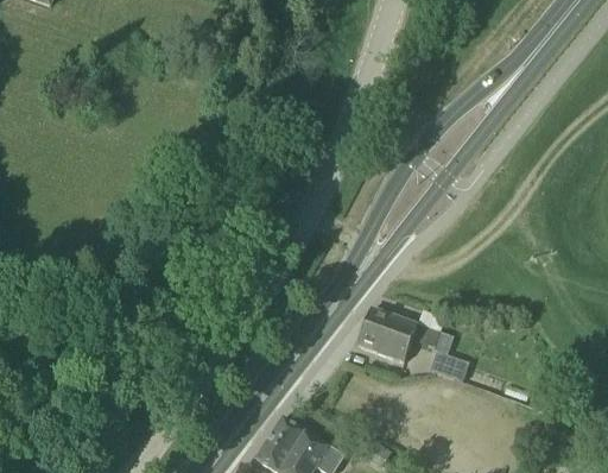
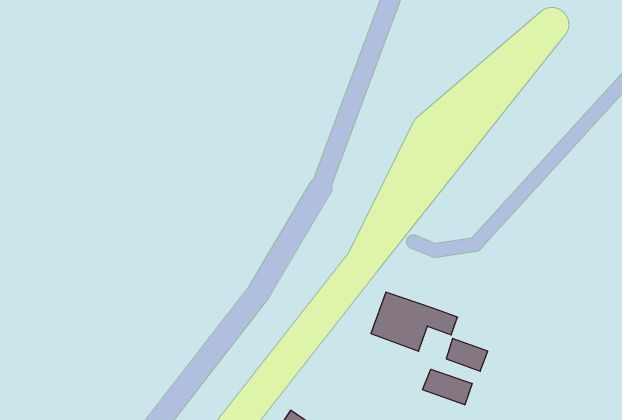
building: none -> [422,369,472,405]

